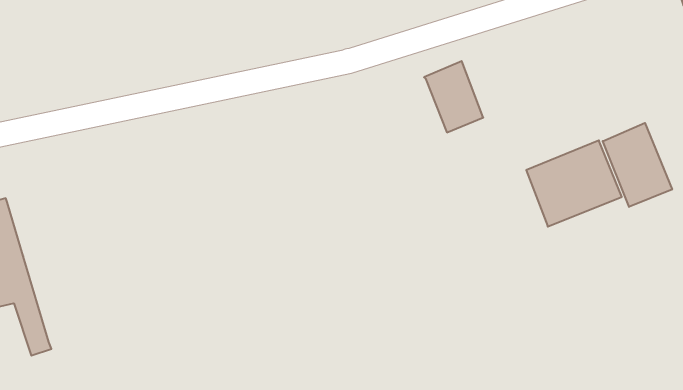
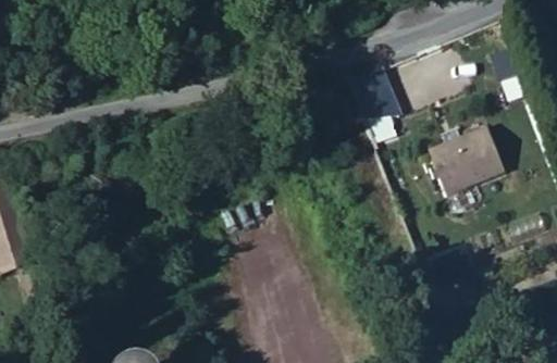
building: [603,123,672,207] -> none

